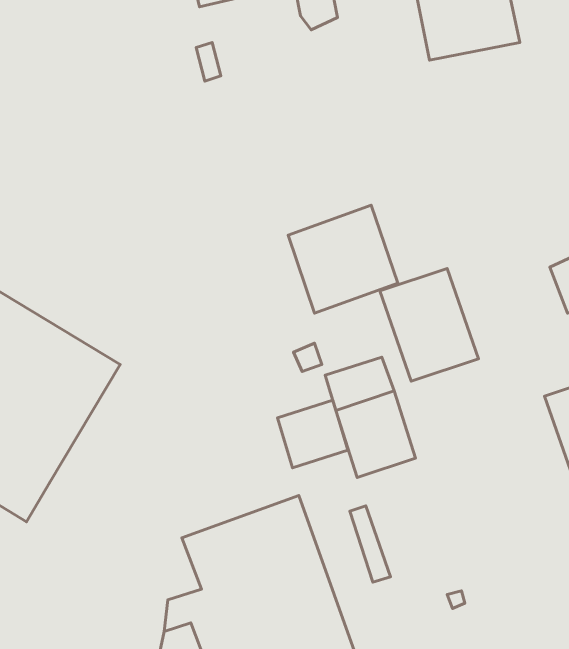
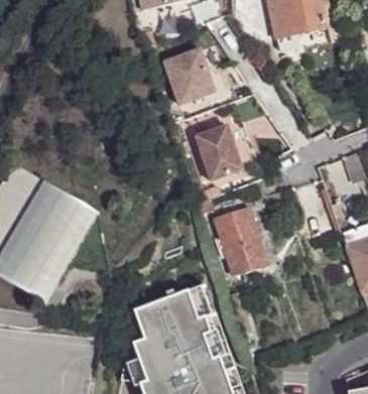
building: none -> [163,49,231,117]
building: [380,268,478,381] -> none
building: [277,400,348,468] -> none

